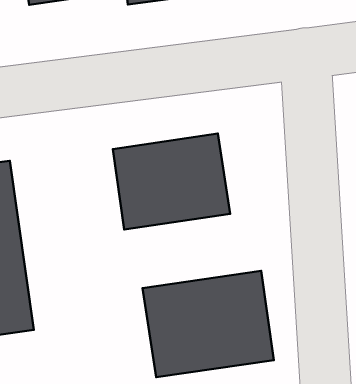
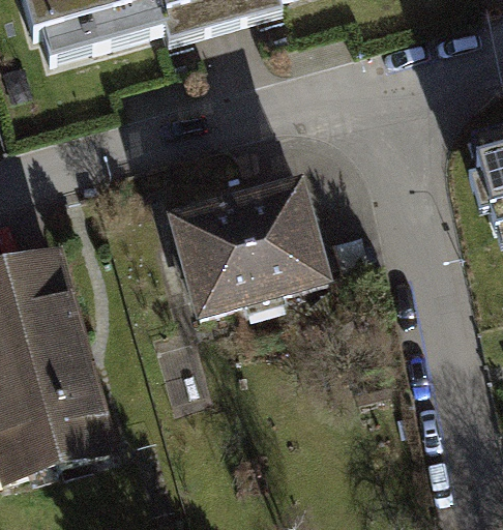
building: [143,271,274,377] -> none

